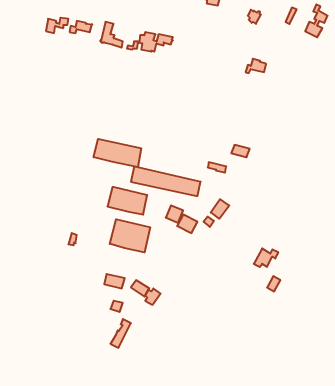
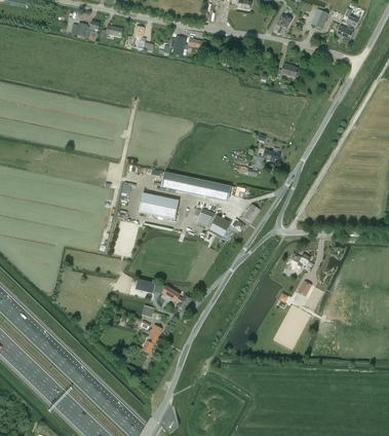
building: [94,139,141,167] -> none
building: [110,219,150,252] -> none

